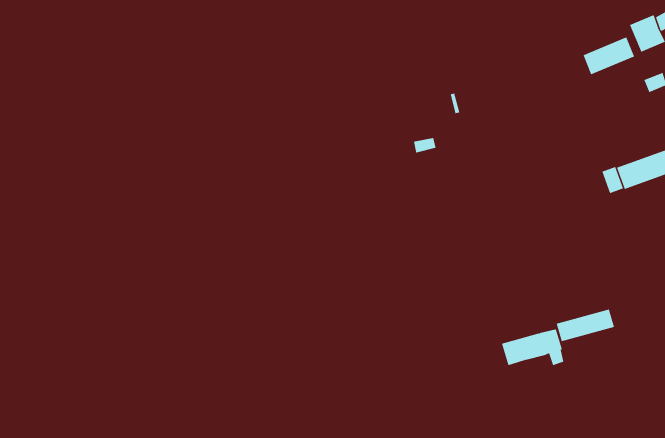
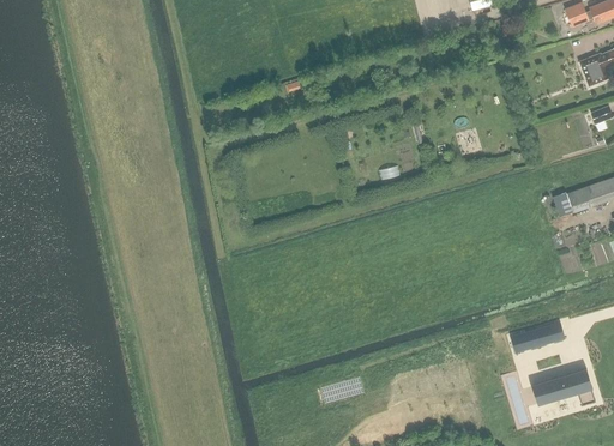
building: [583,36,635,75] -> none
building: [501,328,564,366] -> [535,369,592,404]

